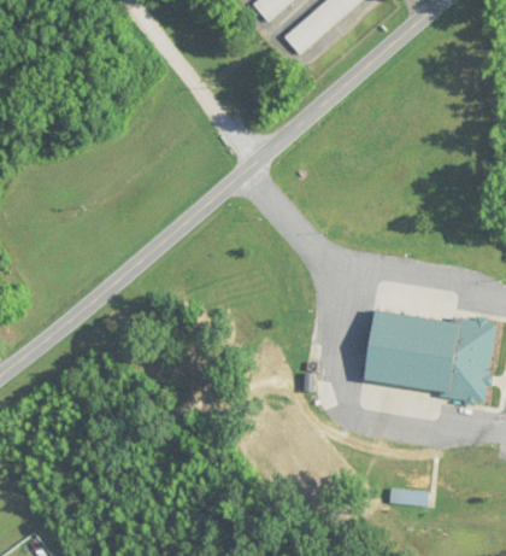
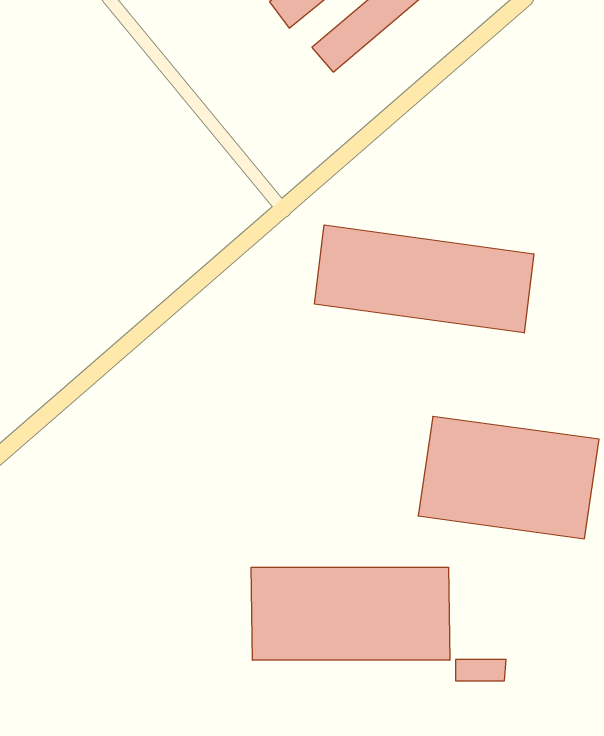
building: none -> [315,225,534,333]
building: none -> [251,567,450,660]

